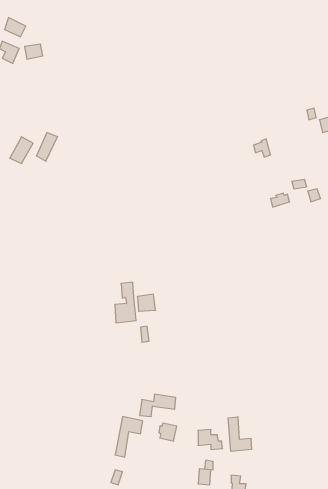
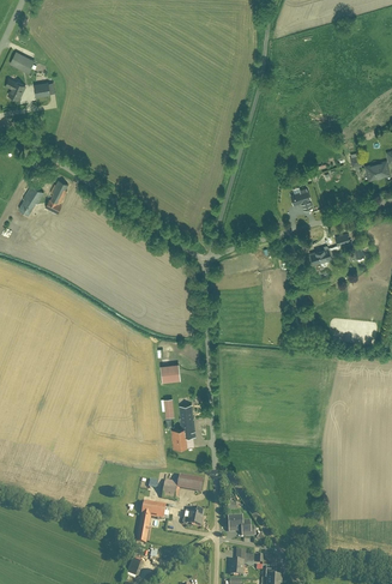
building: [115,282,136,323] -> [173,404,197,450]
building: [228,417,252,451] -> none

